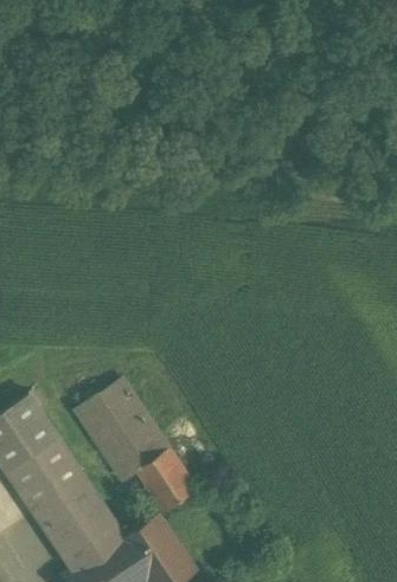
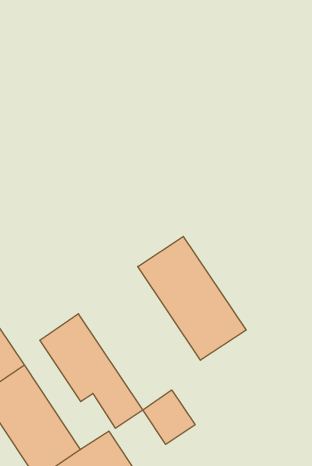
building: none -> [138,236,246,360]
building: none -> [143,390,195,444]

